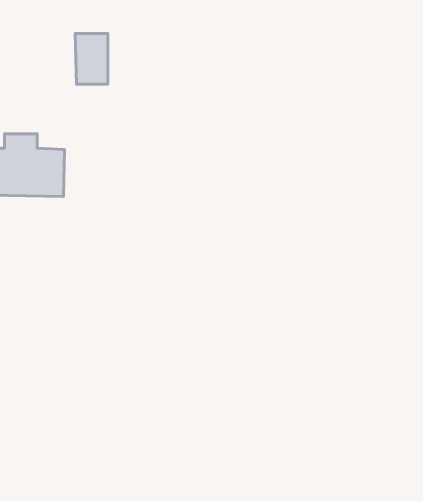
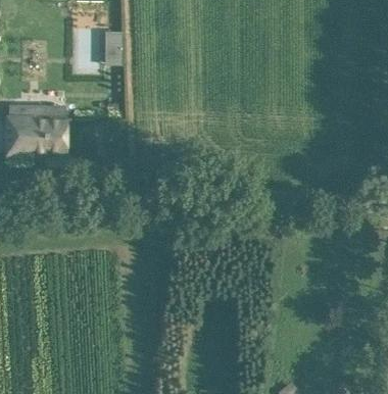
building: none -> [103,29,123,64]

